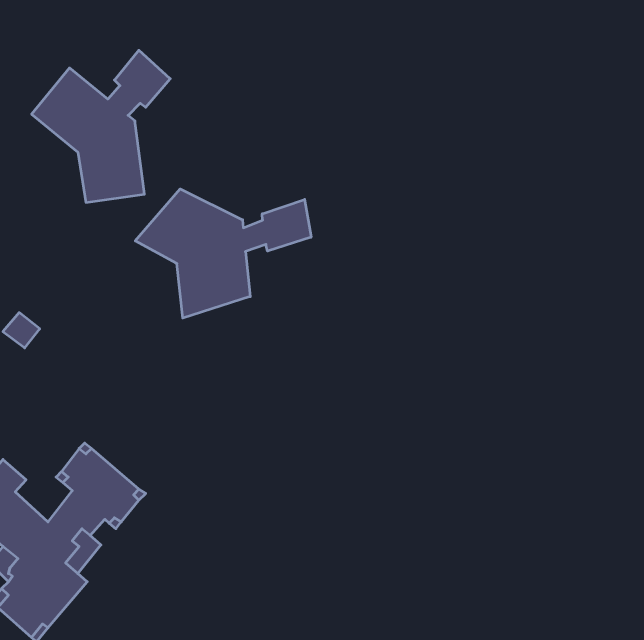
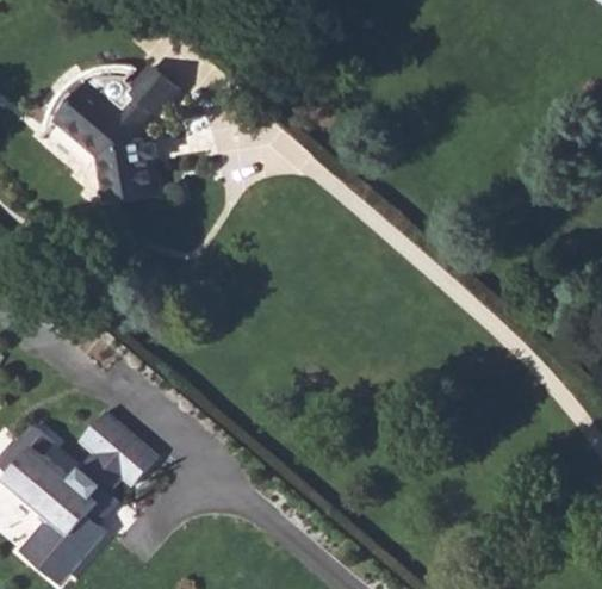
building: [135,189,311,318] -> none

